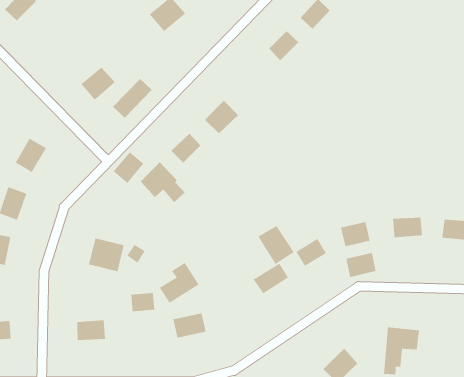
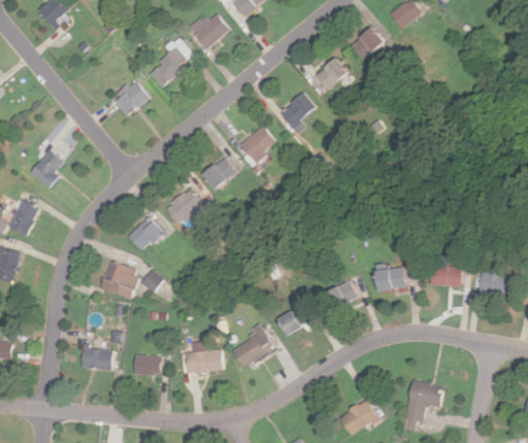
building: none -> [277,93,312,133]
building: [112,78,153,118] -> [146,43,191,84]
building: [113,151,144,184] -> [126,217,160,251]
building: [258,225,295,265] -> none
building: [346,252,376,278] -> none
building: [159,262,200,303] -> [230,325,273,367]
building: [130,292,155,312] -> [138,356,163,375]

